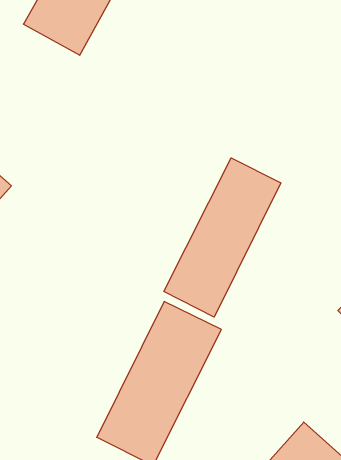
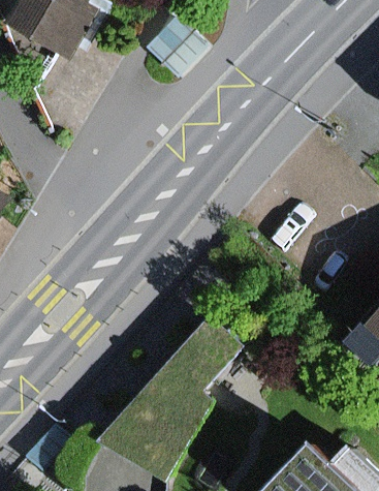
building: [164,158,281,317] -> none

